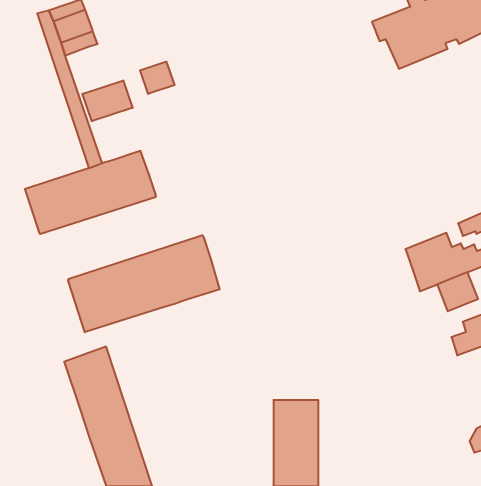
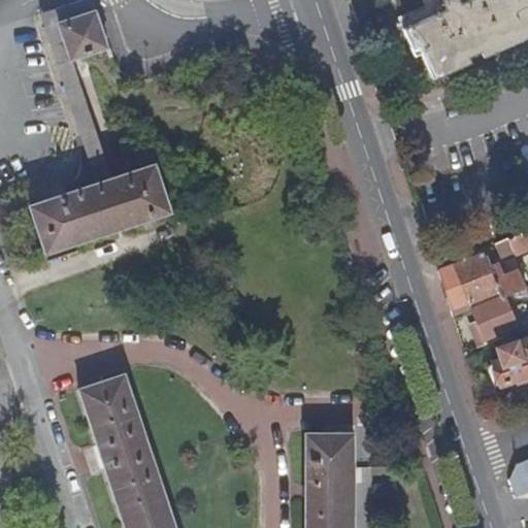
building: [140,62,174,94] -> none
building: [82,80,133,121] -> none
building: [68,235,220,332] -> none

